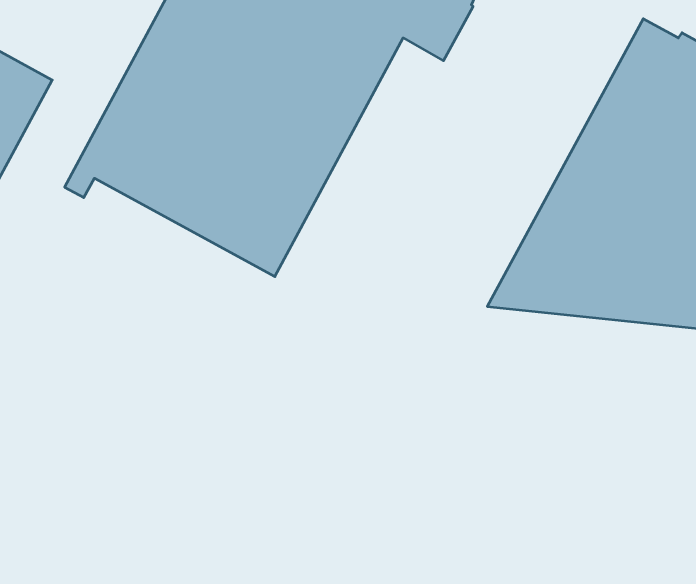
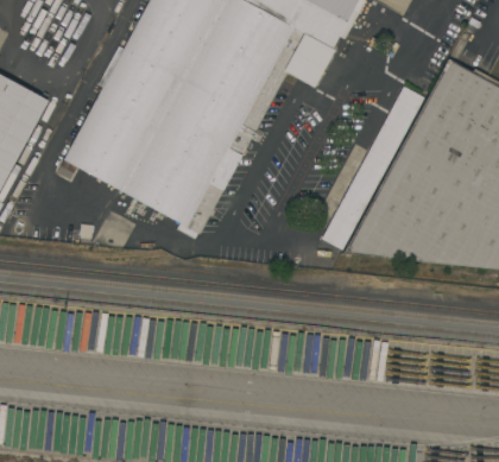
building: none -> [322,86,424,249]

